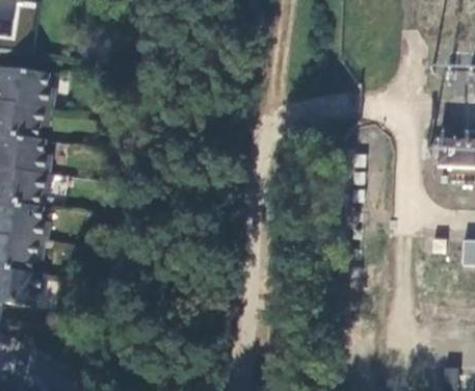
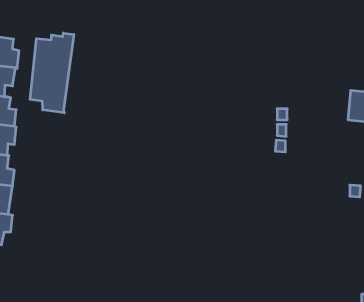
building: none -> [30,33,74,113]

